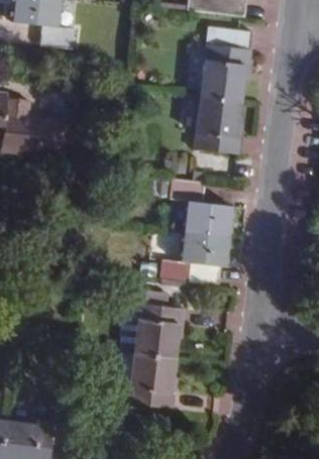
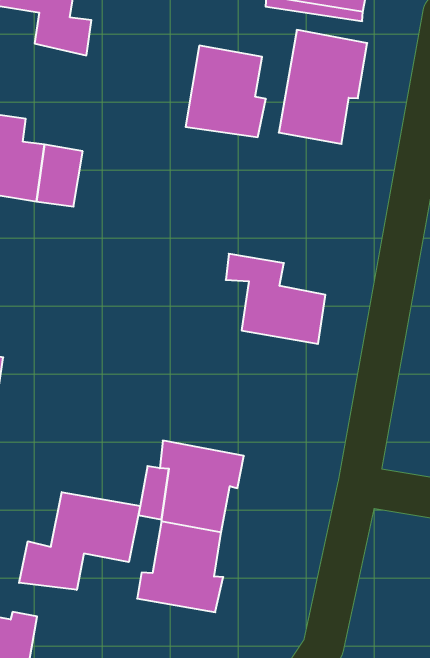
building: [192,98,243,155] -> [186,46,266,137]
building: [160,228,231,286] -> none
building: none -> [19,492,140,590]

